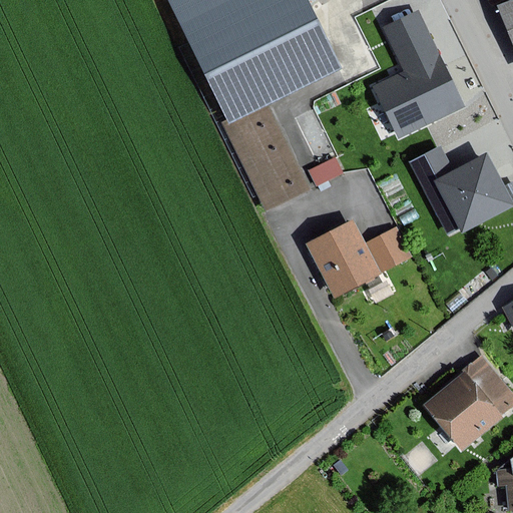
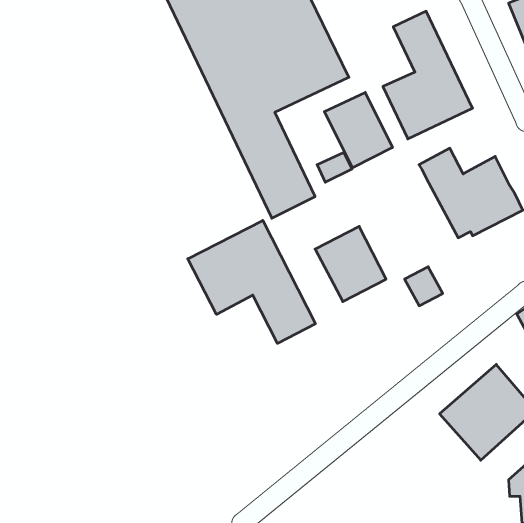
building: none -> [324,92,392,168]
building: none -> [188,220,315,343]
building: [373,227,410,266] -> [405,267,443,306]

